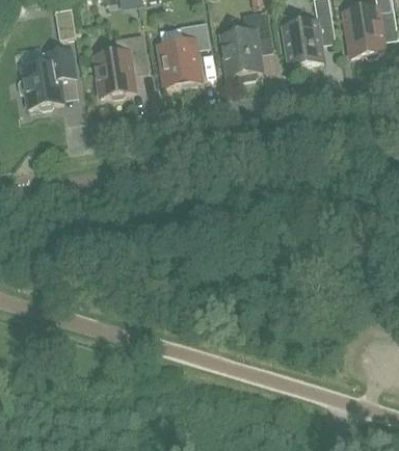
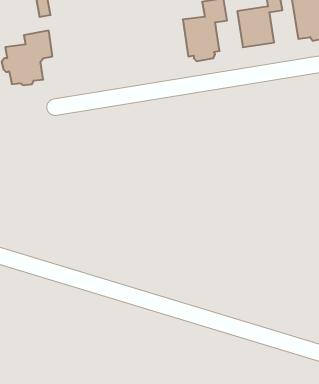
building: [159,21,210,85] -> none
building: [92,33,147,97] -> none

